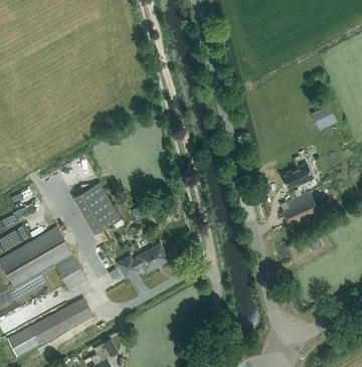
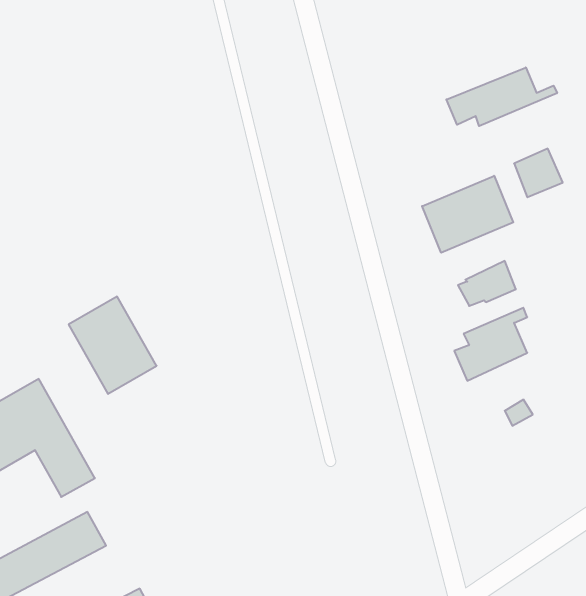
building: none -> [446,67,557,126]
building: none -> [422,176,513,253]
building: [118,243,168,278] -> none

